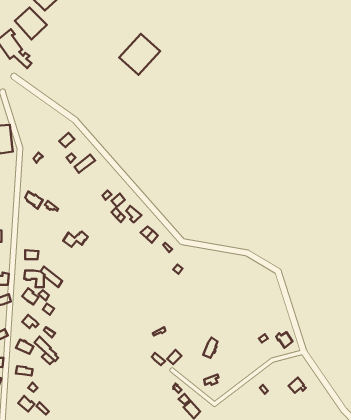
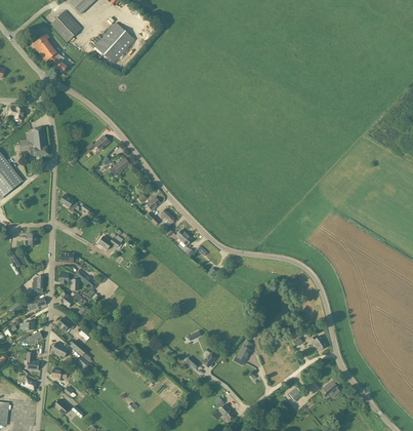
building: [119,34,160,75] -> [94,22,135,63]

